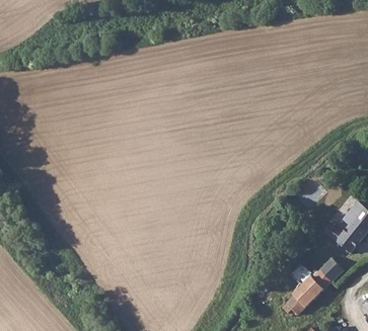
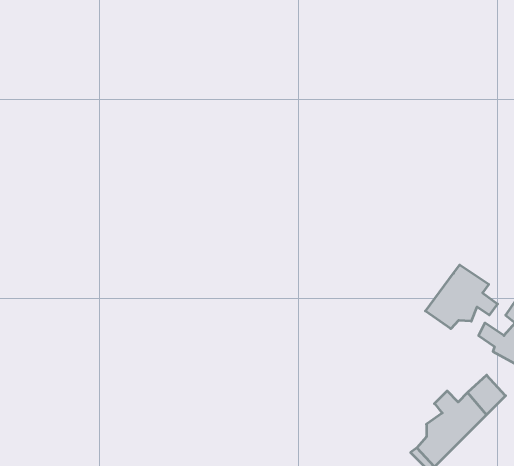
building: none -> [425,265,498,329]

